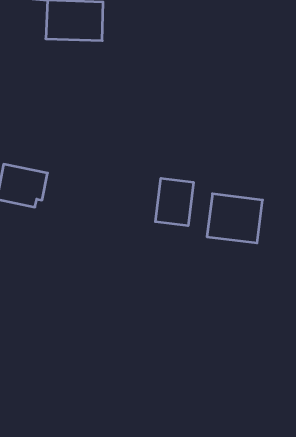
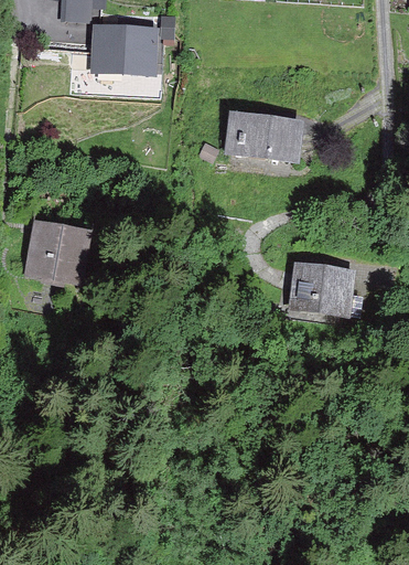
building: none -> [223,110,302,162]
building: [155,178,193,226] -> none

